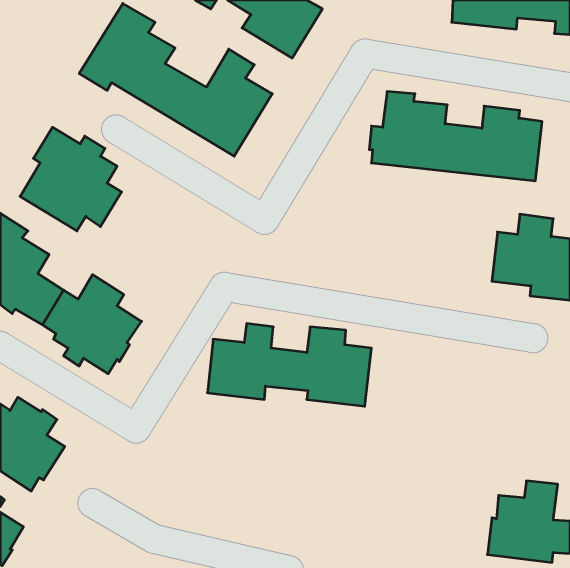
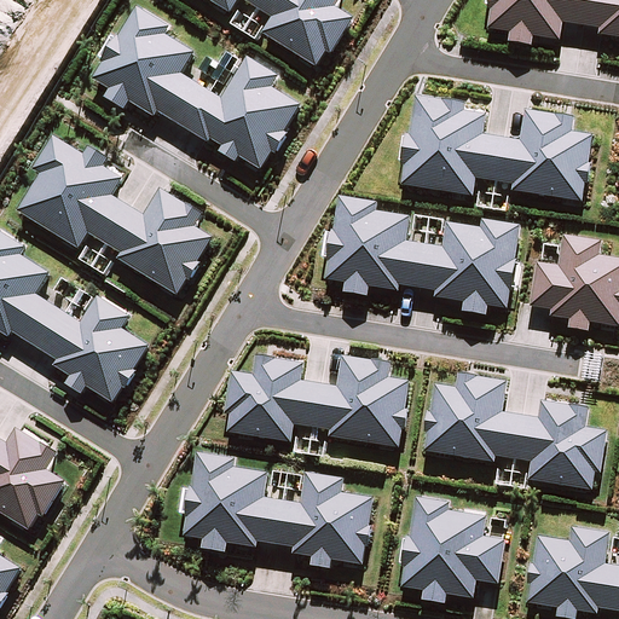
building: none -> [109,193,216,300]
building: none -> [330,201,517,302]
building: none -> [427,377,604,481]
building: none -> [184,447,369,561]
building: none -> [399,491,510,592]

